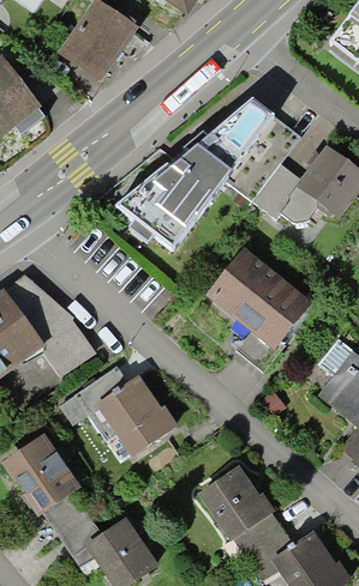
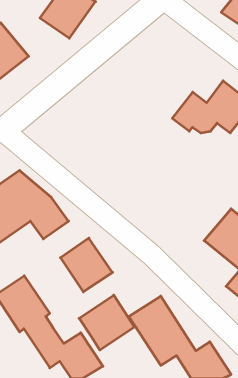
building: [121,103,303,248] -> none
building: [209,250,315,352] -> none
building: none -> [79,295,135,350]

